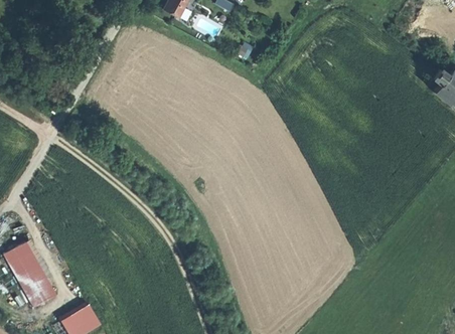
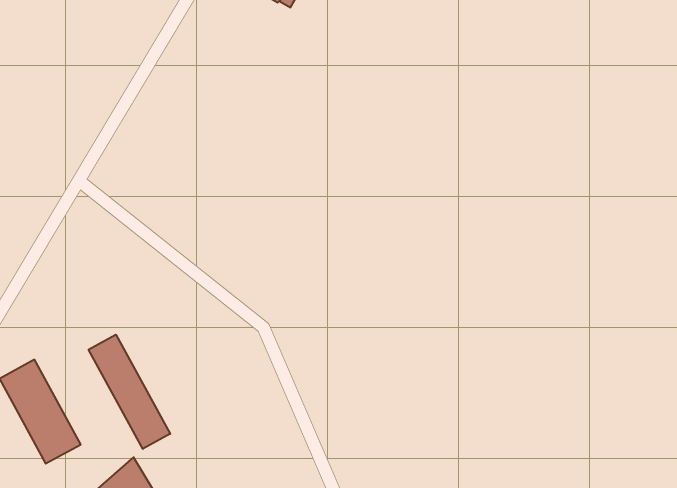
building: none -> [89,335,170,449]

